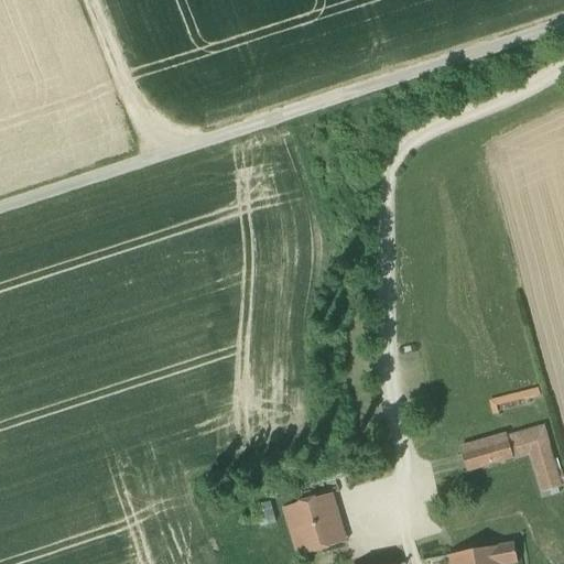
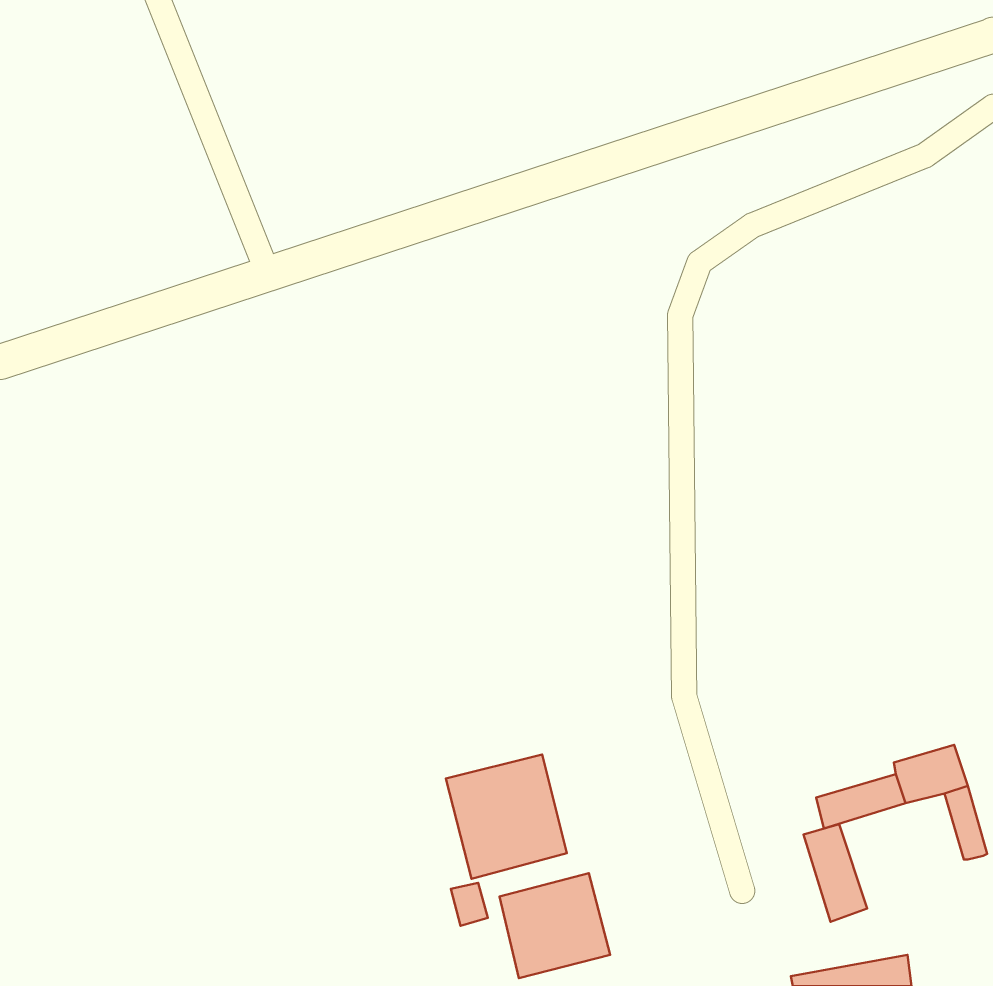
building: none -> [446,754,567,879]
building: none -> [803,824,867,922]

